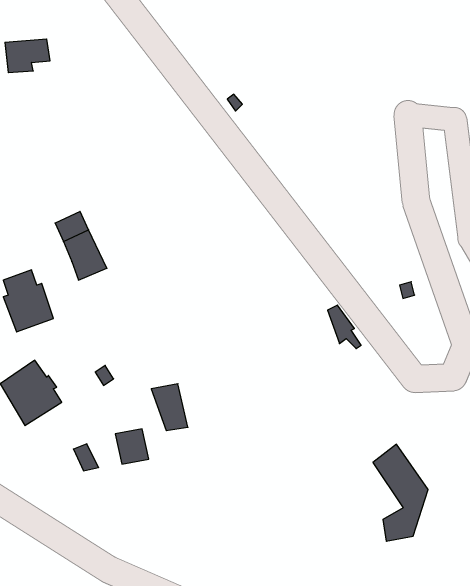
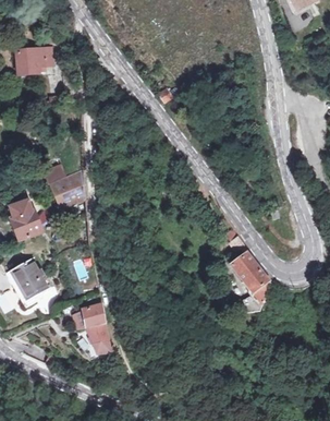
building: [151,384,188,431] -> [87,323,111,353]
building: [373,444,428,541] -> [230,251,266,314]

